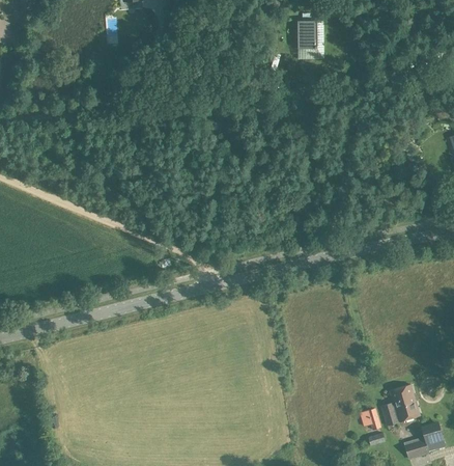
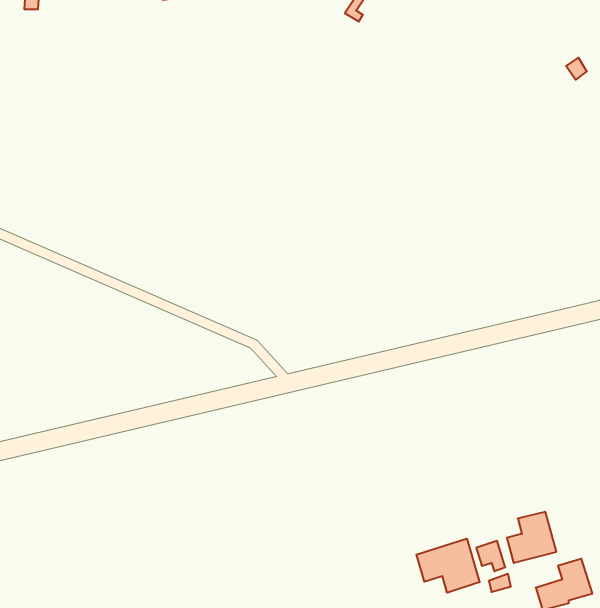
building: [296,21,317,49] -> none
building: none -> [416,539,480,593]

